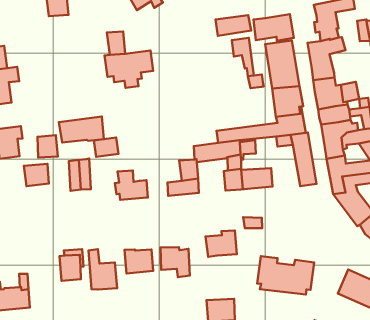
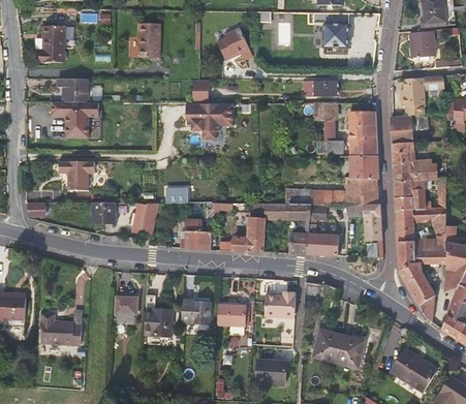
building: [254,14,294,41] -> none
building: [59,117,104,142] -> none
building: [37,135,58,157] -> none

